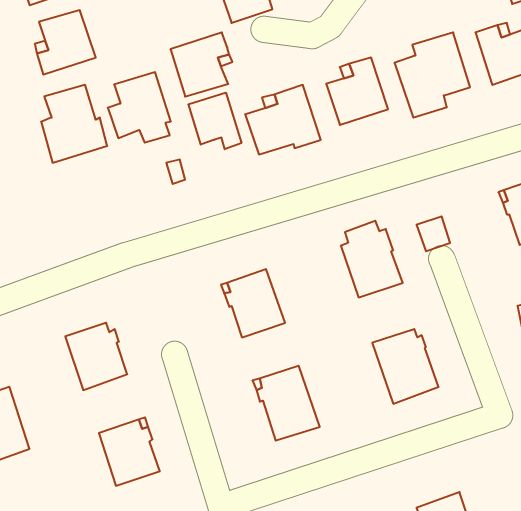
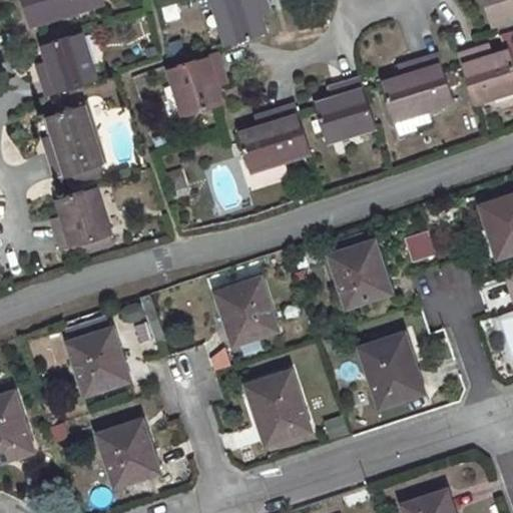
building: [108,72,171,143] -> [50,185,110,252]
building: [188,93,241,149] -> none

